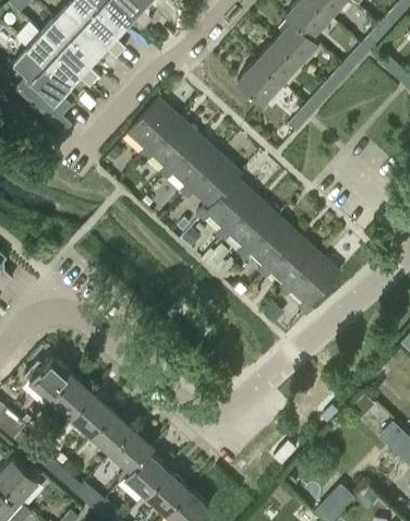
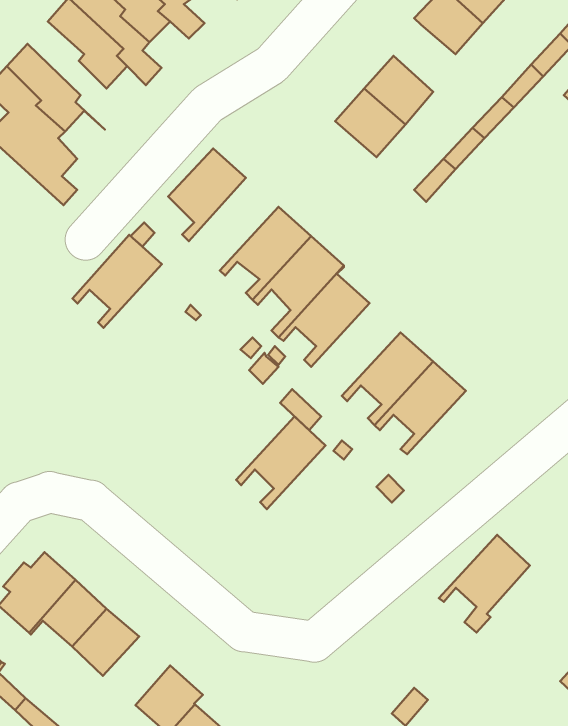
building: [41,20,99,88] -> none
building: [274,22,317,64] -> none
building: [144,119,201,178] -> [72,235,162,328]
building: [221,198,278,257] -> [236,416,325,509]
building: [282,254,340,316] -> [439,535,530,633]
building: [89,410,132,453] -> none

